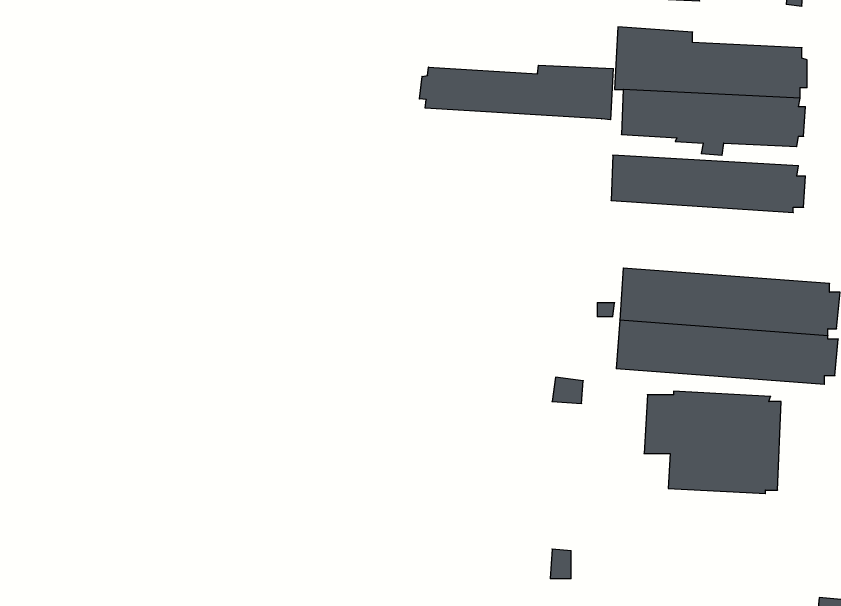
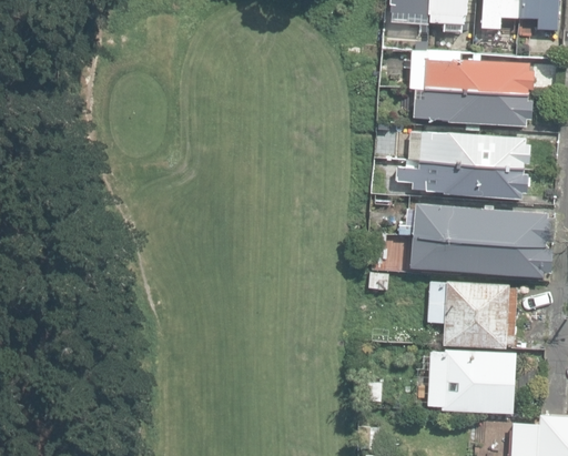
building: [419,65,613,120] -> none
building: none -> [396,162,528,200]
building: none -> [428,349,516,414]

